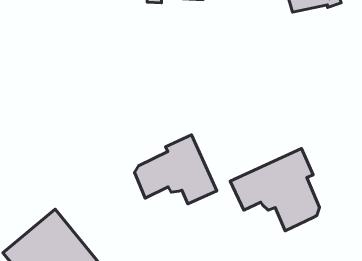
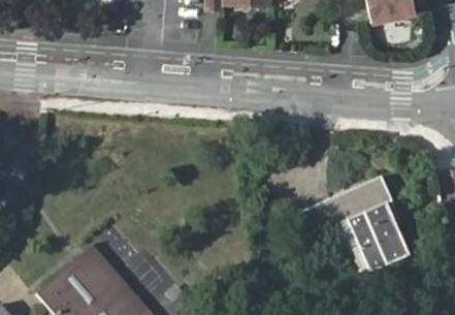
building: [135,135,217,204] -> none

